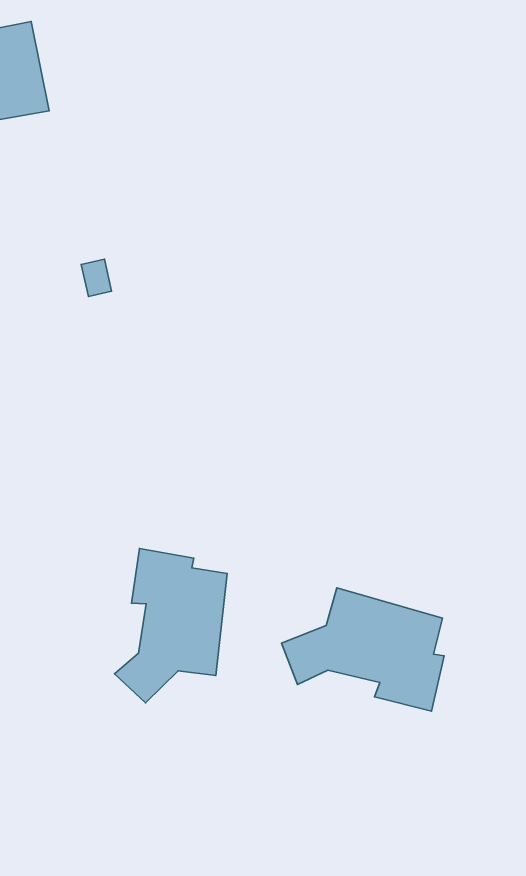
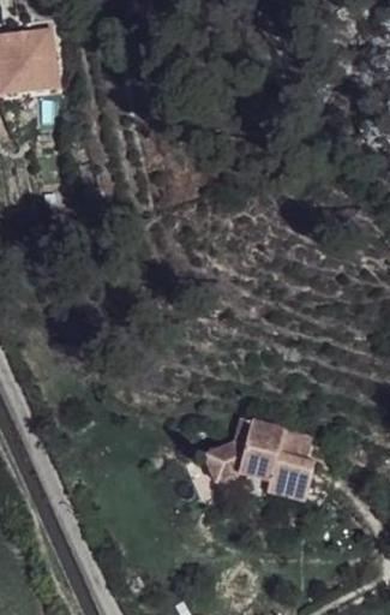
building: [114,549,227,703] -> none

